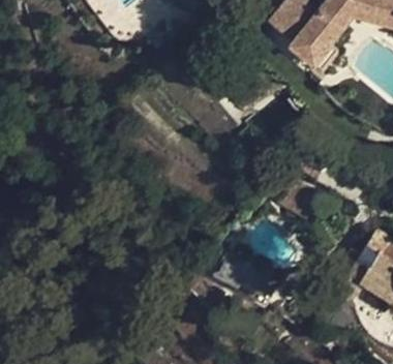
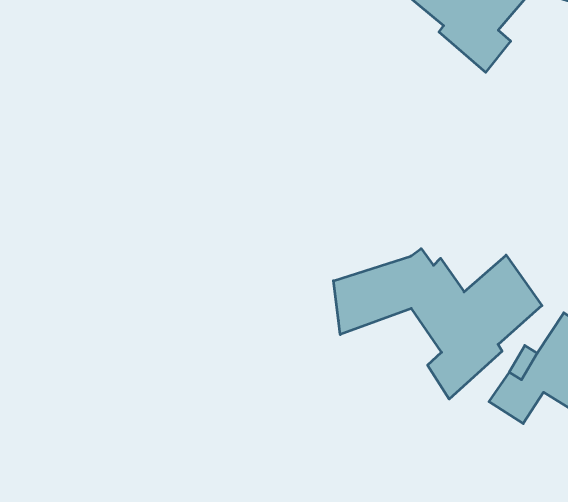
building: none -> [333,249,542,399]

